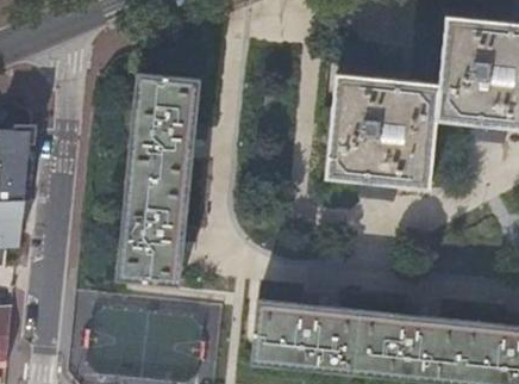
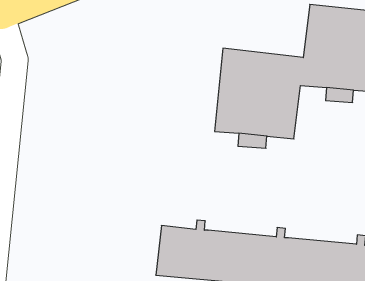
building: [115,75,207,285] -> none

